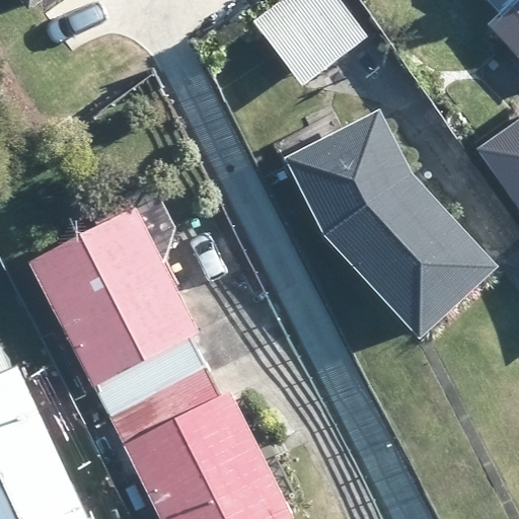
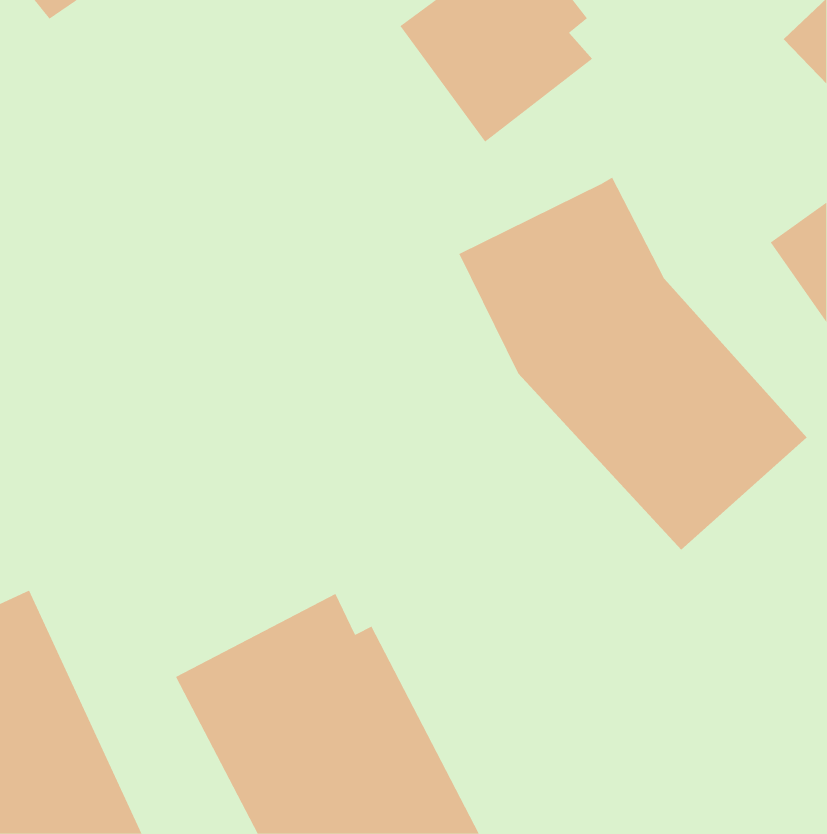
building: [28,208,208,419] -> none

